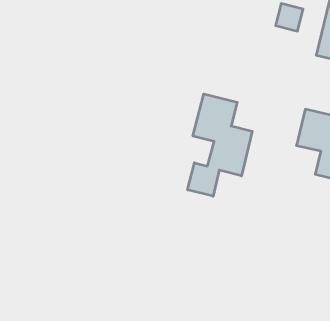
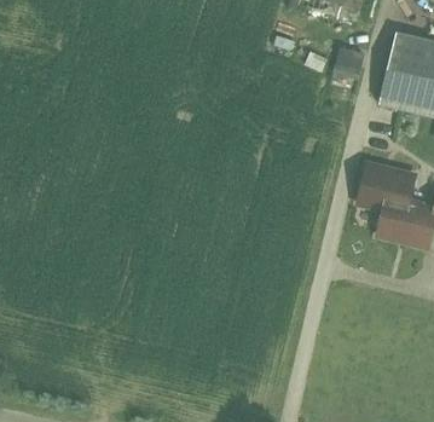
building: [188,94,252,196] -> none

